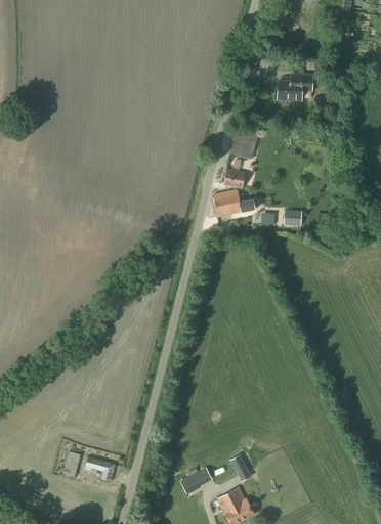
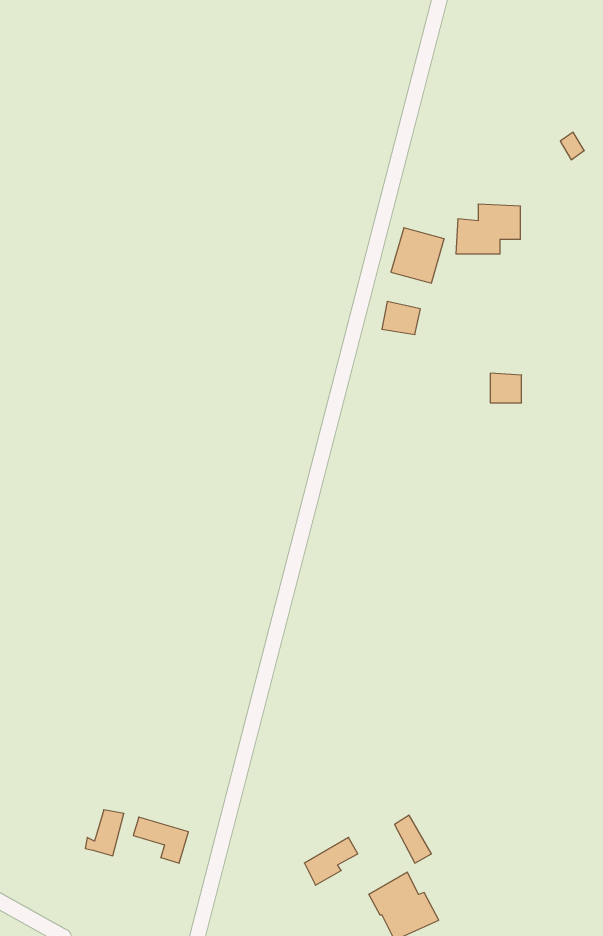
building: [278,72,313,99] -> [456,204,520,254]
building: [214,189,255,216] -> none

